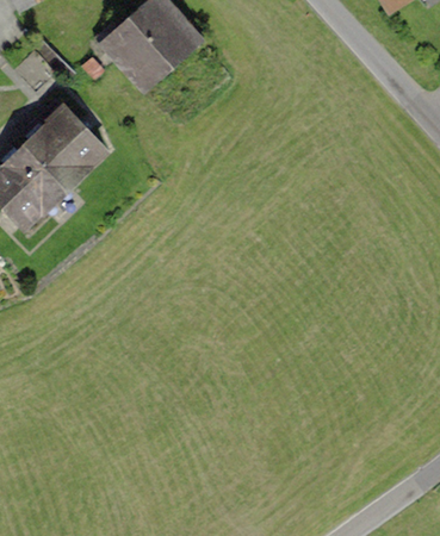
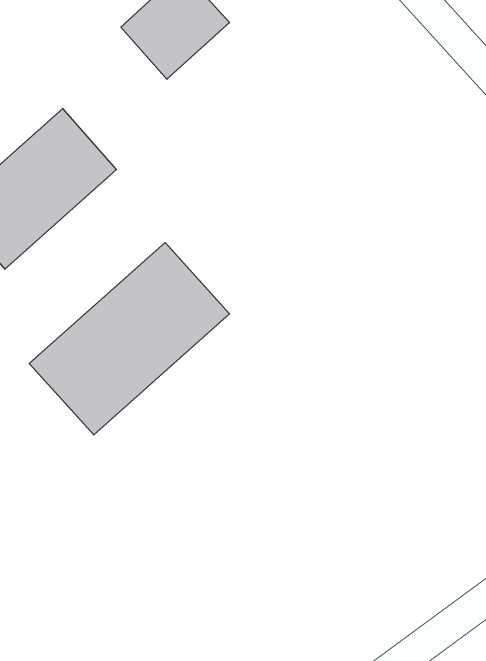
building: none -> [29,243,230,435]

